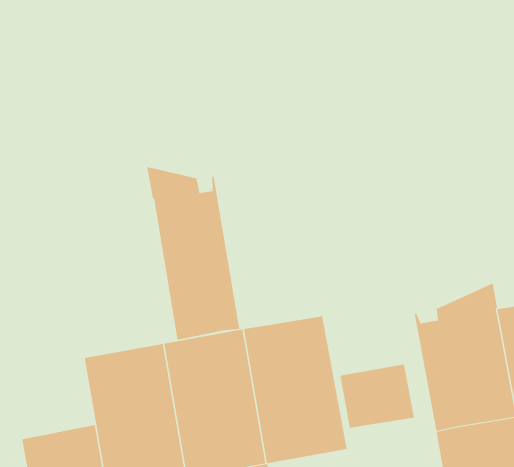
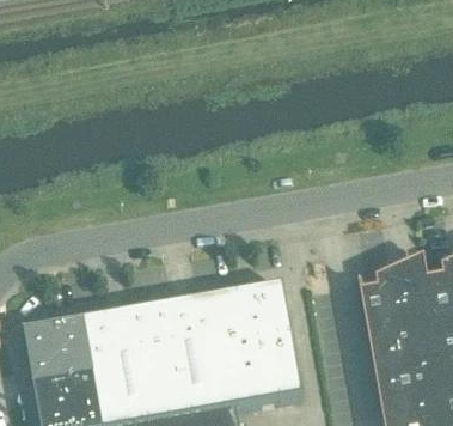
building: [147,166,240,340] -> none
building: none -> [23,315,94,382]
building: [340,364,414,429] -> none

